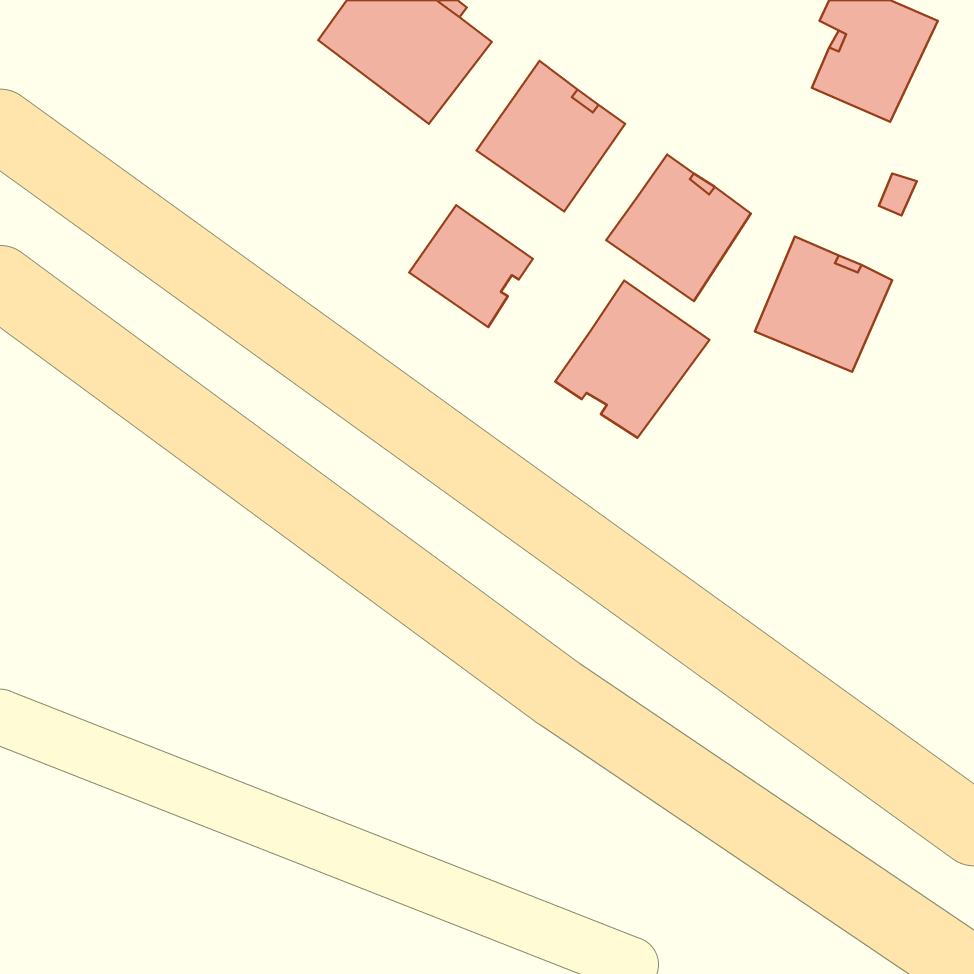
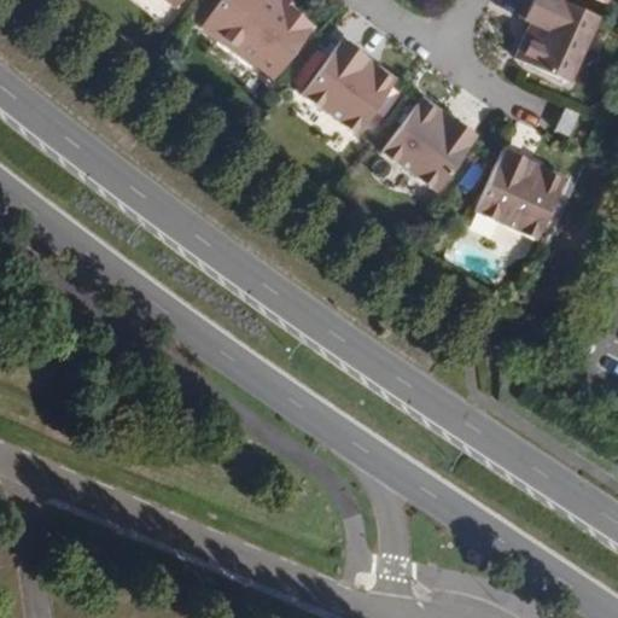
building: [409,205,533,327] -> none
building: [555,280,710,438] -> none

